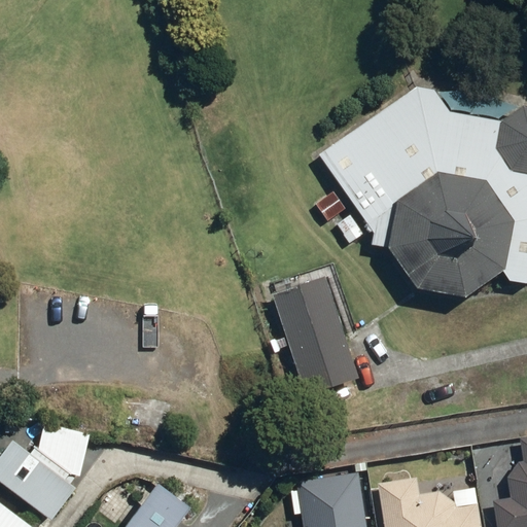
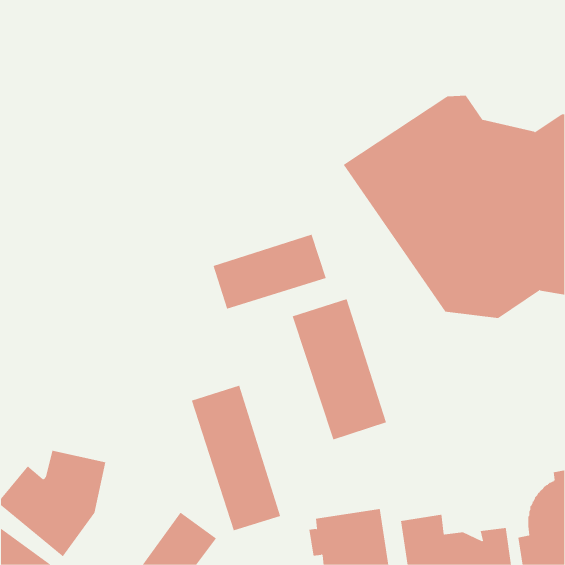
building: none -> [213,234,326,310]
building: none -> [191,385,281,531]

